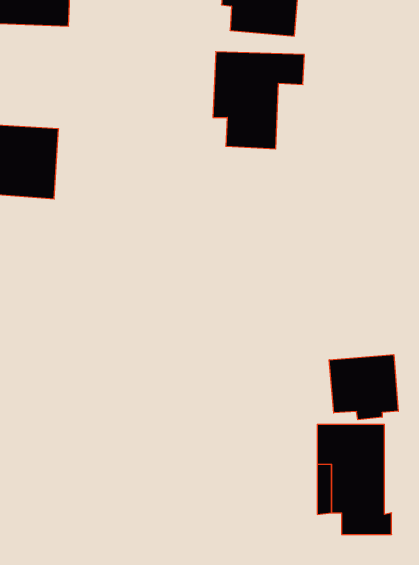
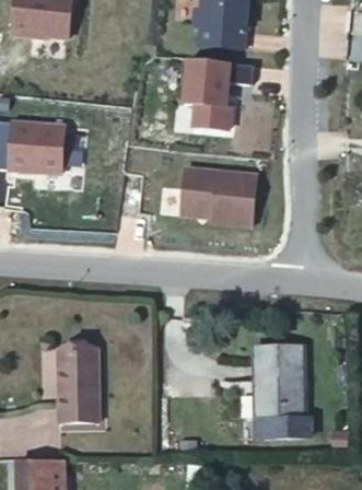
building: none -> [177,163,254,229]
building: [329,355,398,420] -> none
building: none -> [61,346,101,420]

